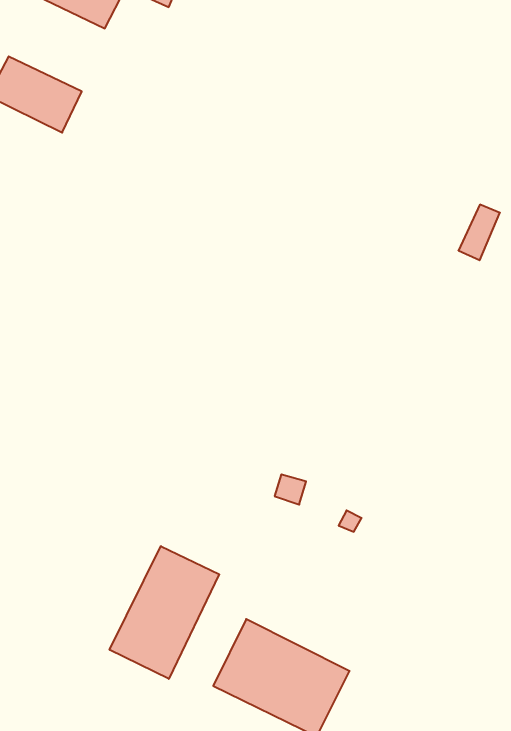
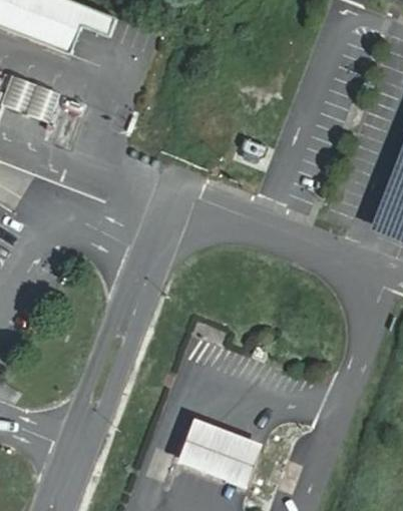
building: [110,546,219,679] -> none

